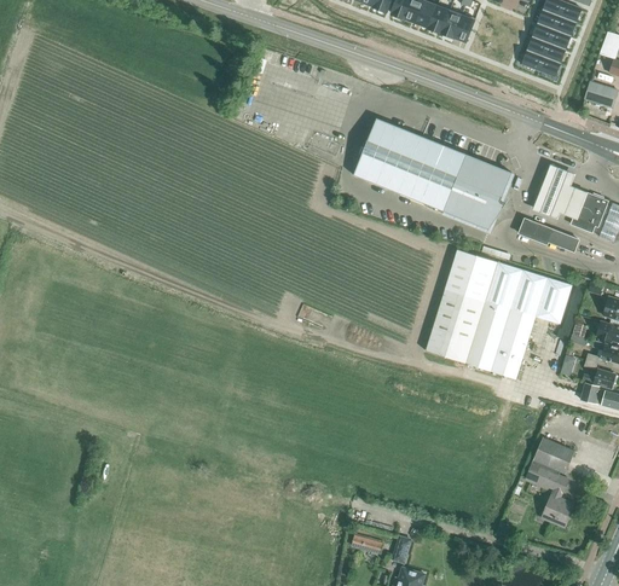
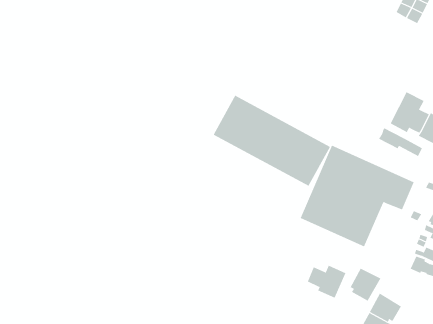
building: [354,118,511,228] -> [213,95,331,187]
building: none -> [350,268,381,302]
building: none -> [307,265,346,298]

